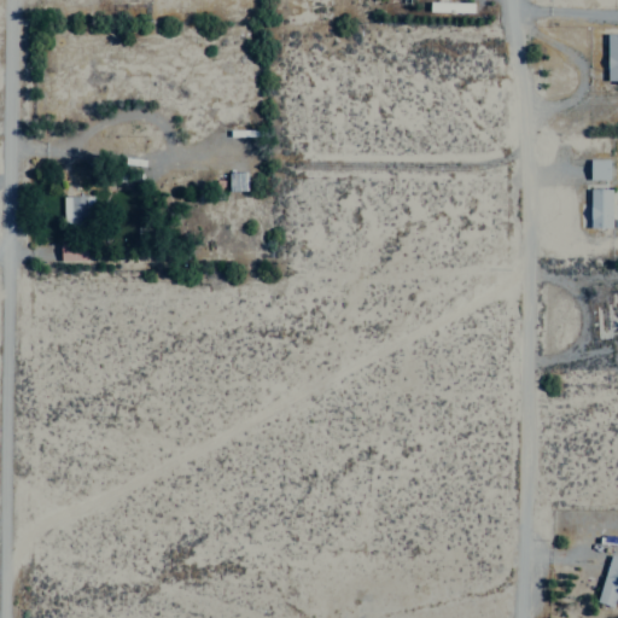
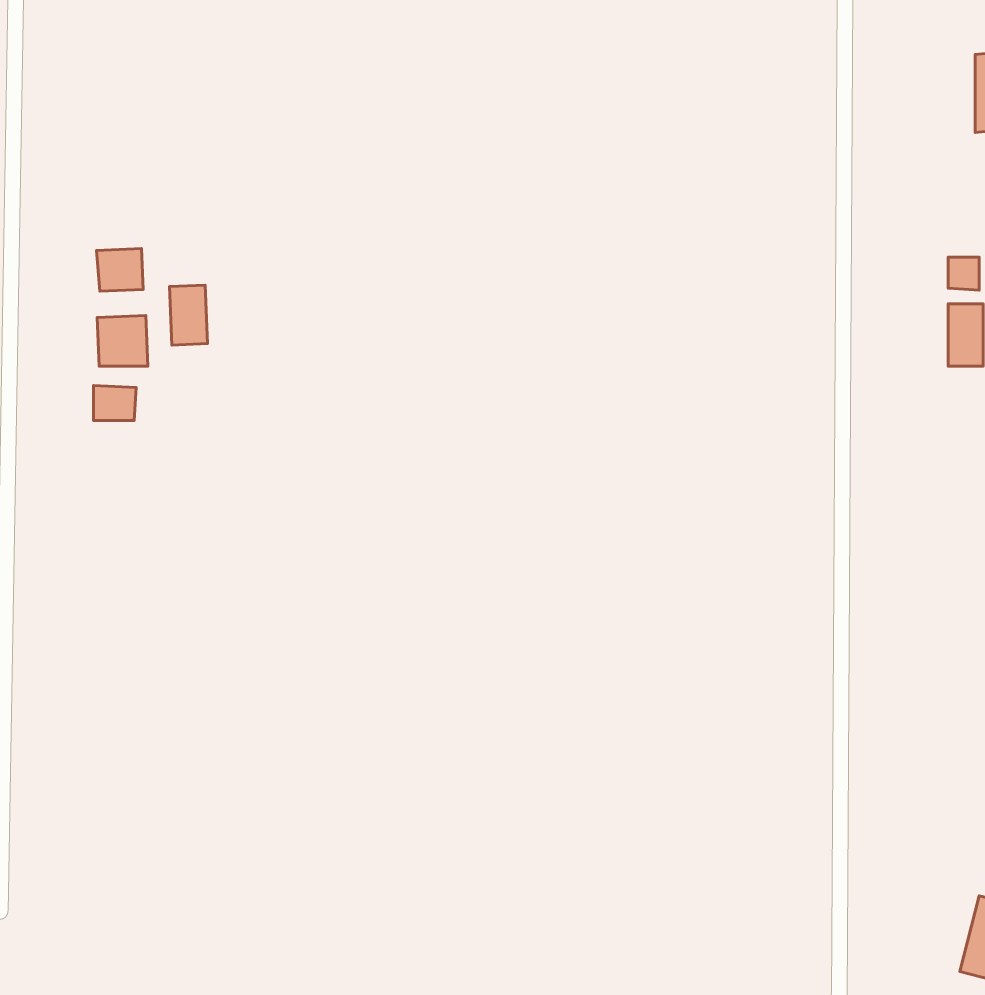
building: none -> [96,249,143,291]
building: none -> [169,285,208,345]

